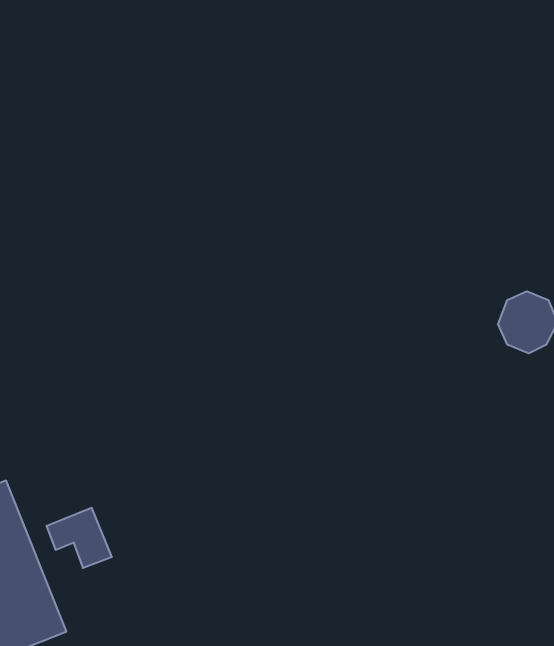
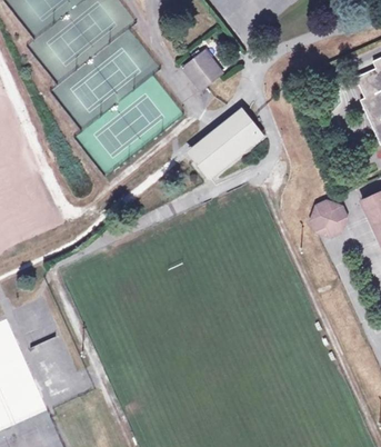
building: none -> [183,51,223,90]
building: none -> [198,116,258,172]

